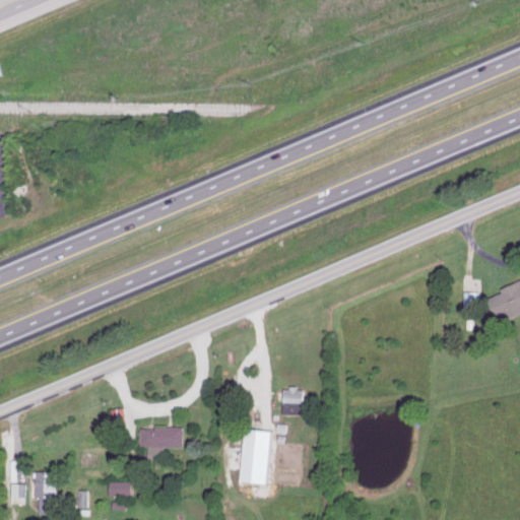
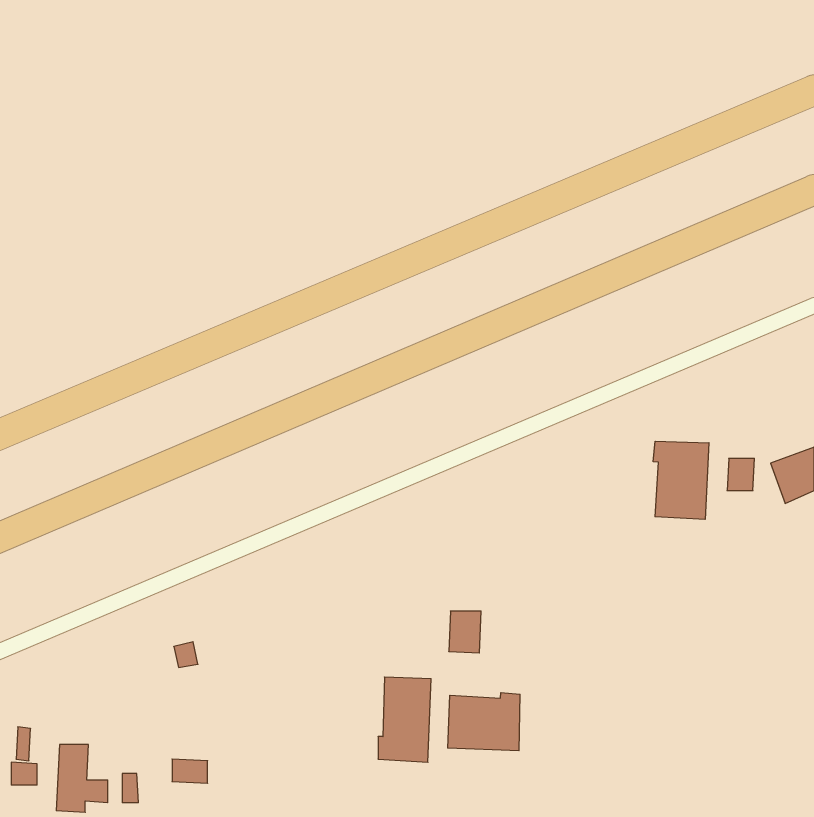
building: none -> [653,441,709,519]
building: [140,428,183,452] -> none
building: none -> [448,693,520,751]

